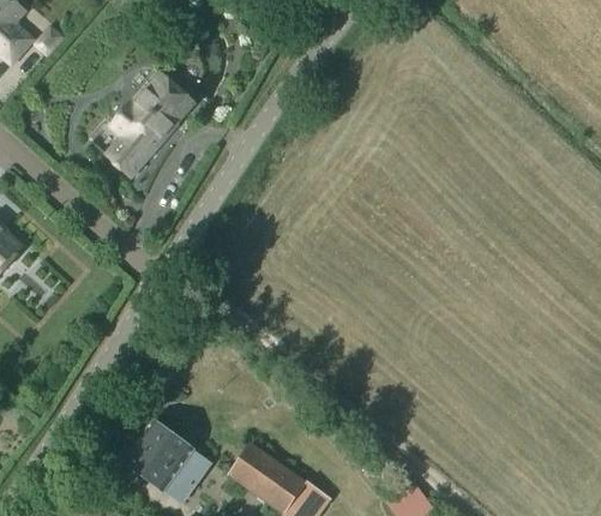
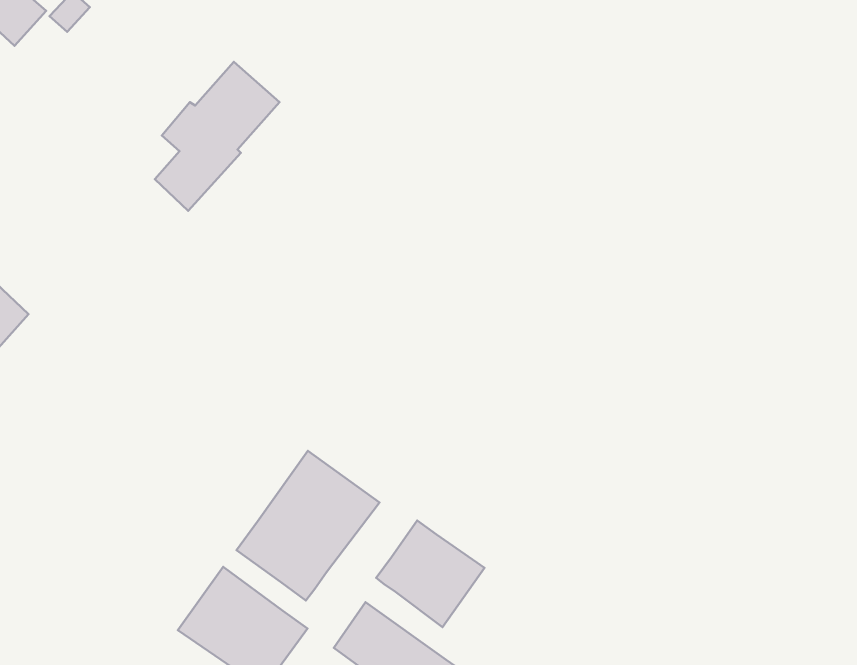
building: none -> [237,451,379,601]
building: none -> [376,521,485,627]

